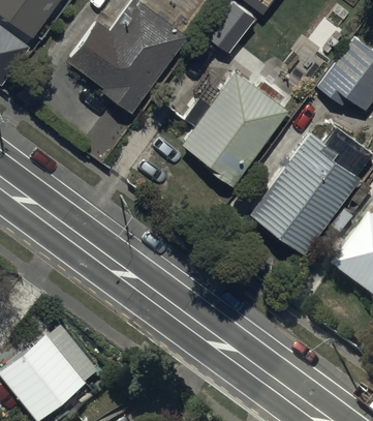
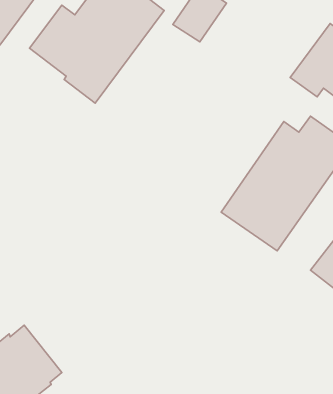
building: [180,67,287,184] -> none

